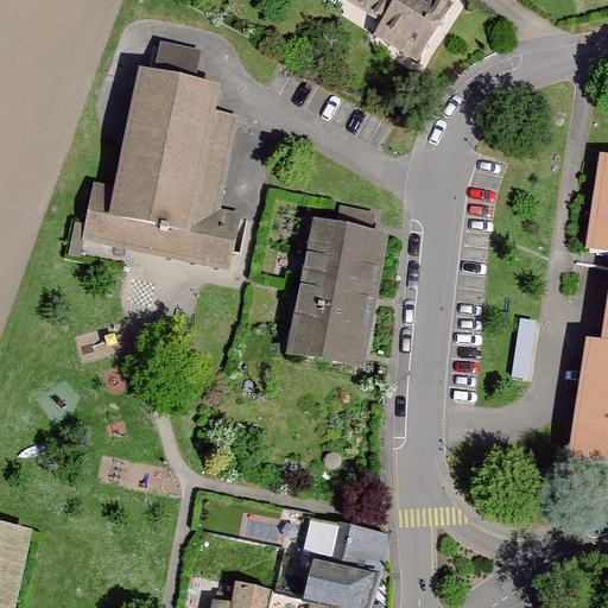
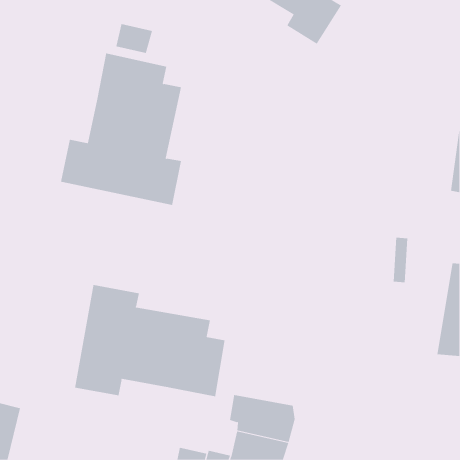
building: [285,220,390,369] -> none
building: none -> [74,284,225,397]

